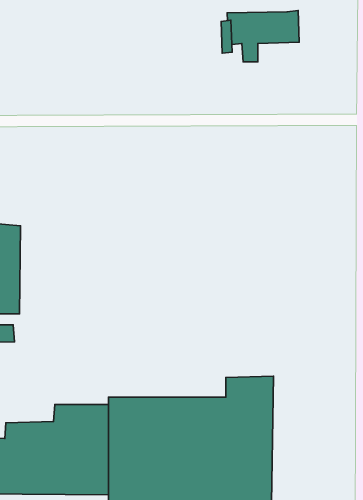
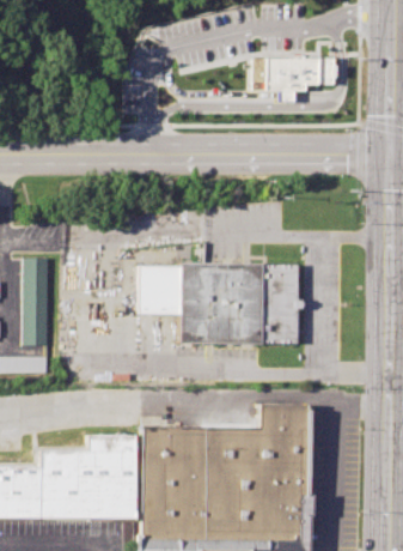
building: none -> [139,262,298,343]

